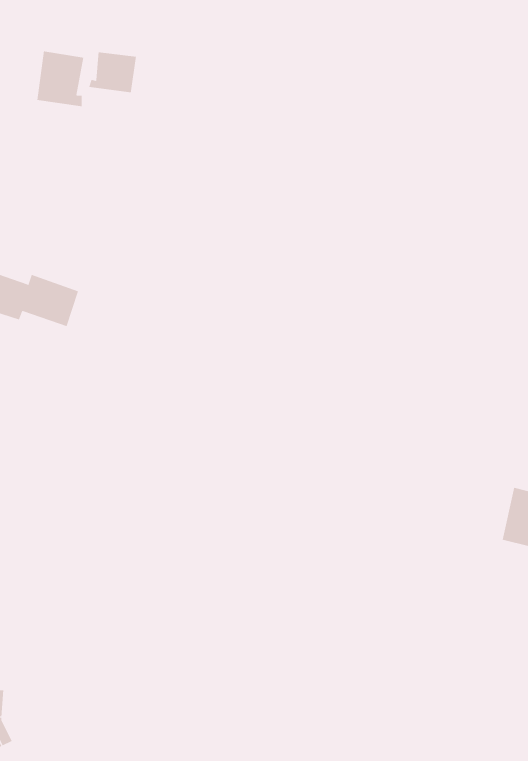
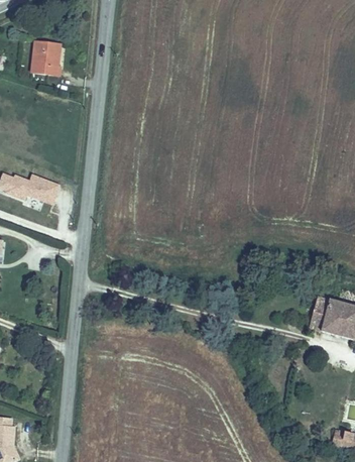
building: [88,52,136,93] -> none

